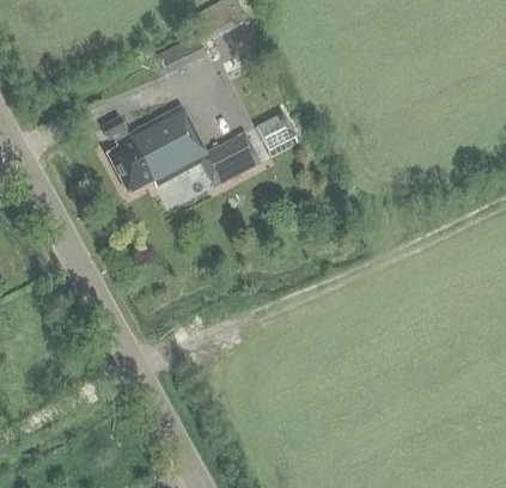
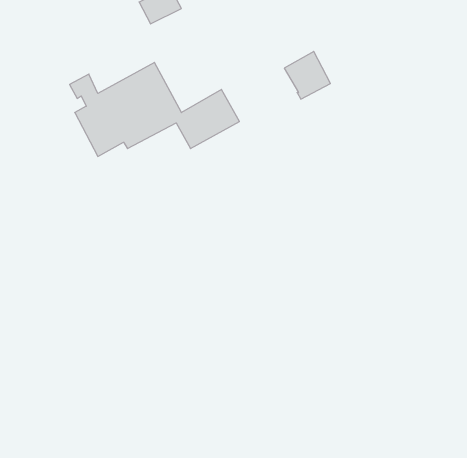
building: [255,111,298,155] -> [284,51,330,99]

